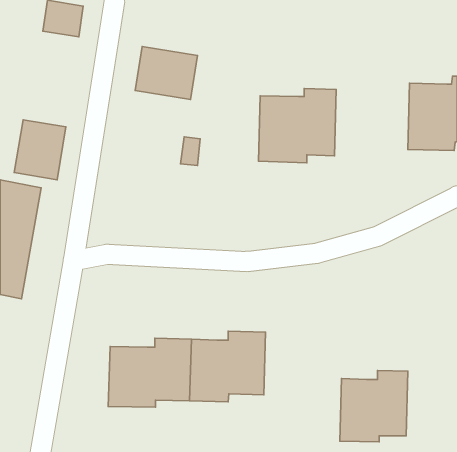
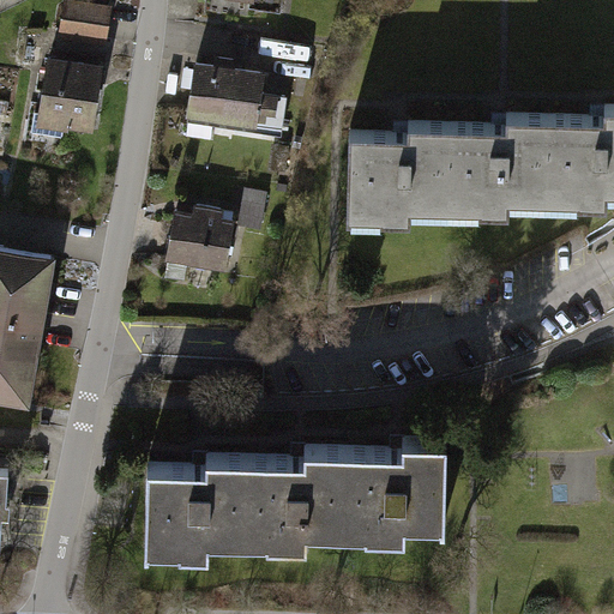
building: none -> [449,118,549,217]
building: [14,120,66,180] -> [30,60,100,140]
building: none -> [161,215,234,277]
building: [340,370,408,442] -> [354,441,445,537]

